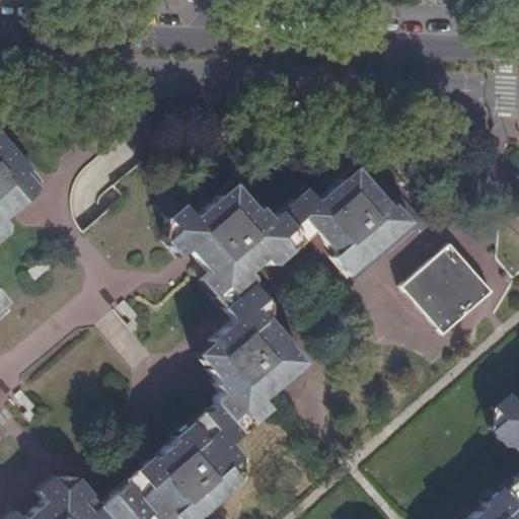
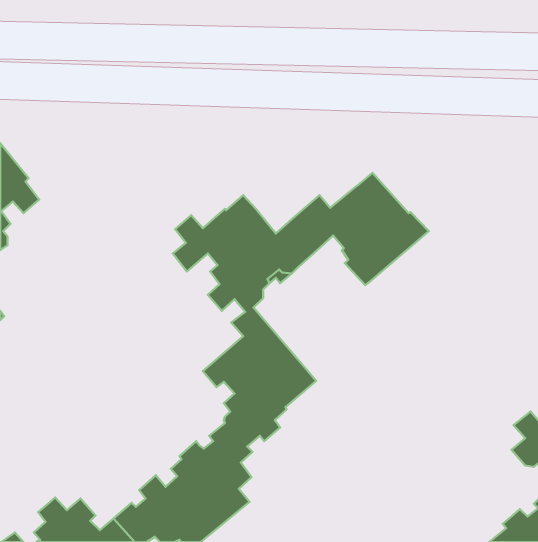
building: [400,242,494,335] -> none

